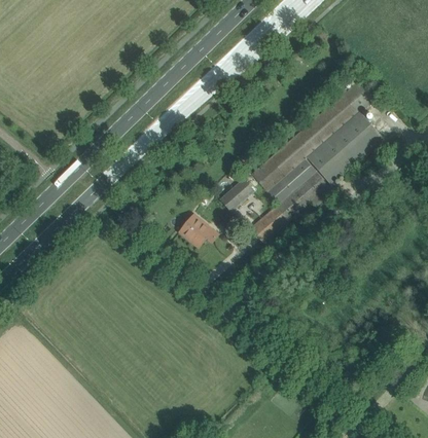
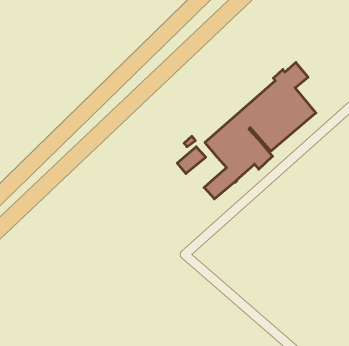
building: [178,215,217,248] -> none

